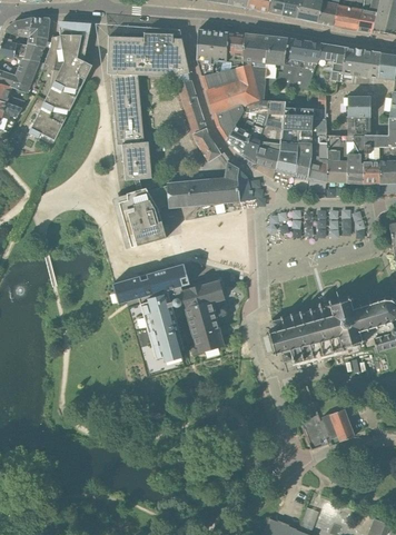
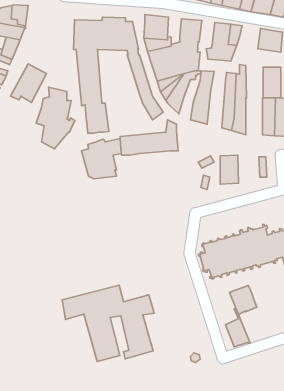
building: [43,22,92,100] -> [36,87,75,149]
building: [227,32,245,67] -> none
building: [265,37,287,78] -> none
building: [318,43,345,78] -> none
building: [277,100,300,172] -> none
building: [241,105,269,162] -> none
building: [326,135,347,181] -> none
building: [318,208,341,242] -> none
building: [111,262,228,359] -> [62,285,154,362]
building: [320,408,355,445] -> [230,285,257,314]

